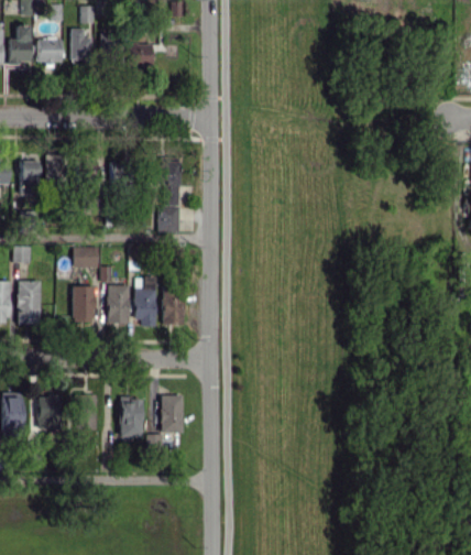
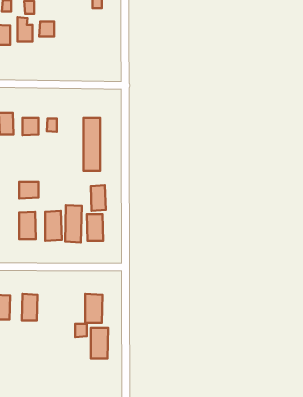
building: [128,43,153,67] -> none
building: none -> [91,185,106,211]
building: [120,398,143,438] -> [91,328,108,359]

